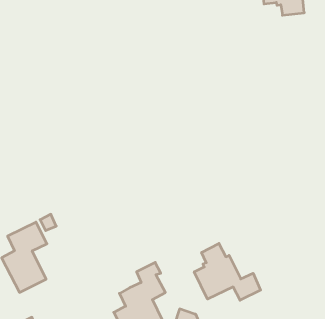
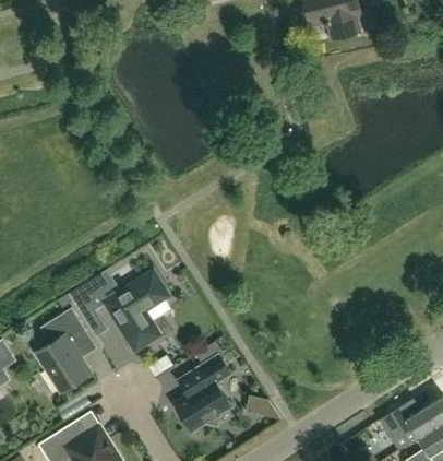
building: none -> [105,272,168,351]
building: [194,243,261,300] -> none

